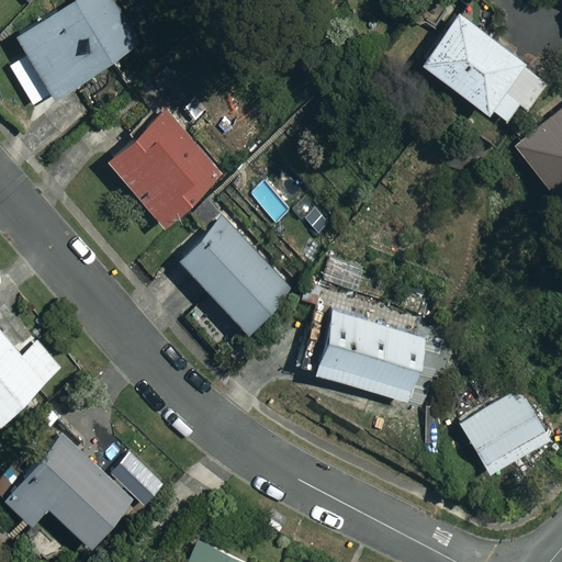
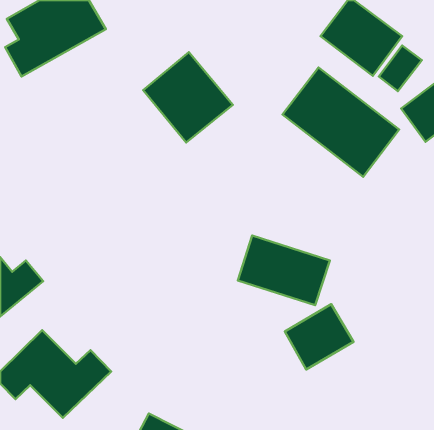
building: none -> [283,68,399,177]
building: [108,112,222,227] -> [143,52,233,143]
building: [180,205,291,333] -> none
building: [460,391,548,474] -> [285,304,354,369]

